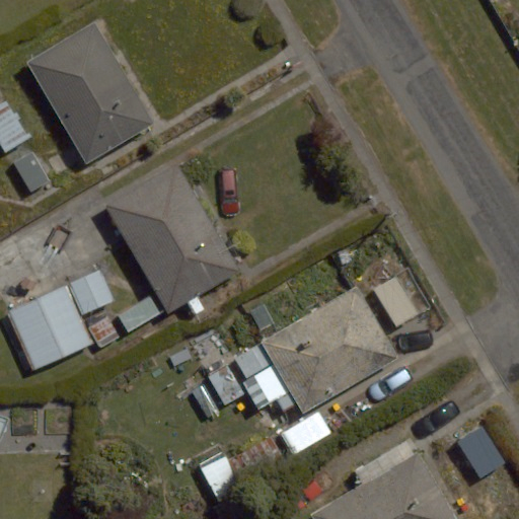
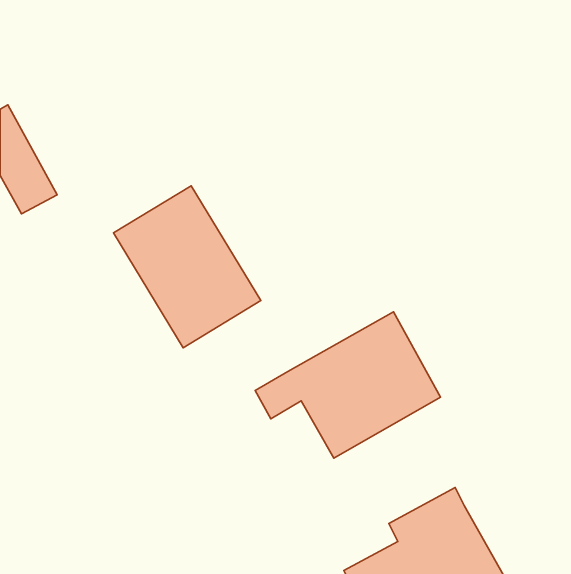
building: [23,26,148,168] -> none
building: [7,267,118,372] -> none

